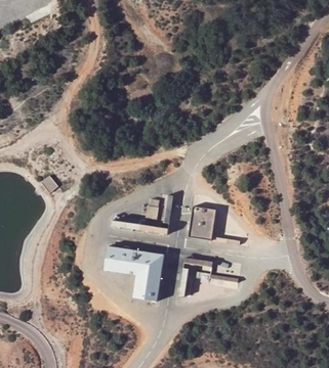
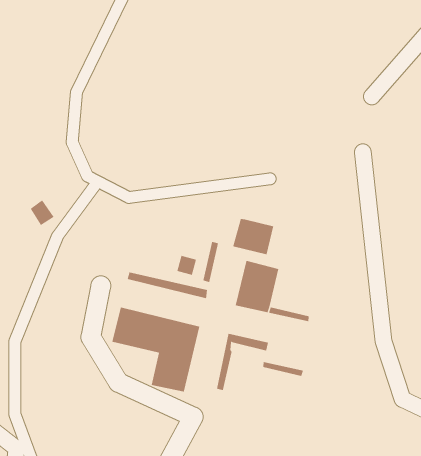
building: none -> [233,218,274,255]

